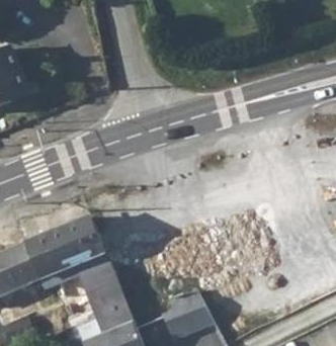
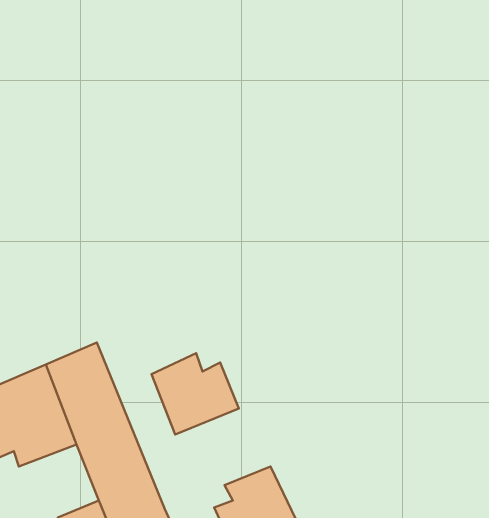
building: none -> [152,353,239,435]

